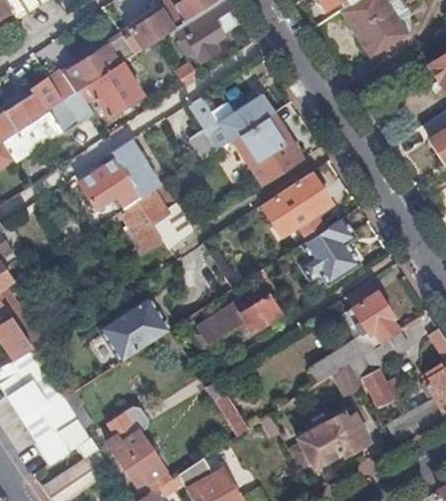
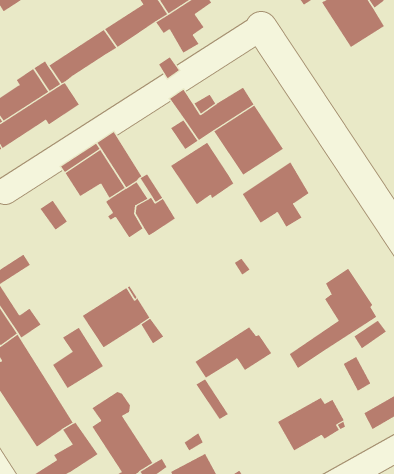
building: [88,61,143,116] -> none
building: none -> [170,142,234,205]
building: [299,217,359,284] -> none
building: [201,287,280,340] -> [195,327,272,379]
building: none -> [52,327,104,389]

